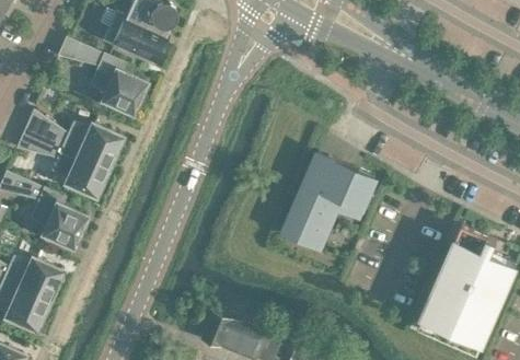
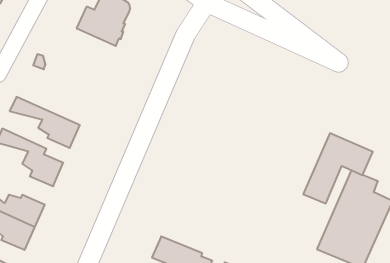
building: [57,38,146,114] -> none
building: [24,111,122,167] -> none
building: [284,154,374,246] -> [303,133,373,204]

